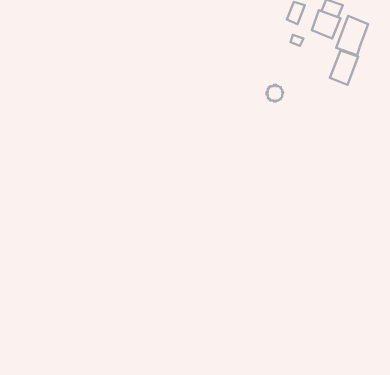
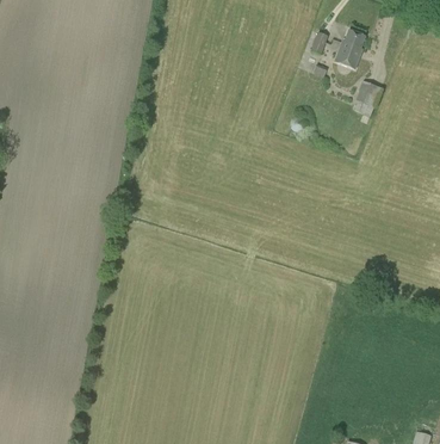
building: [336,16,368,55] -> none

